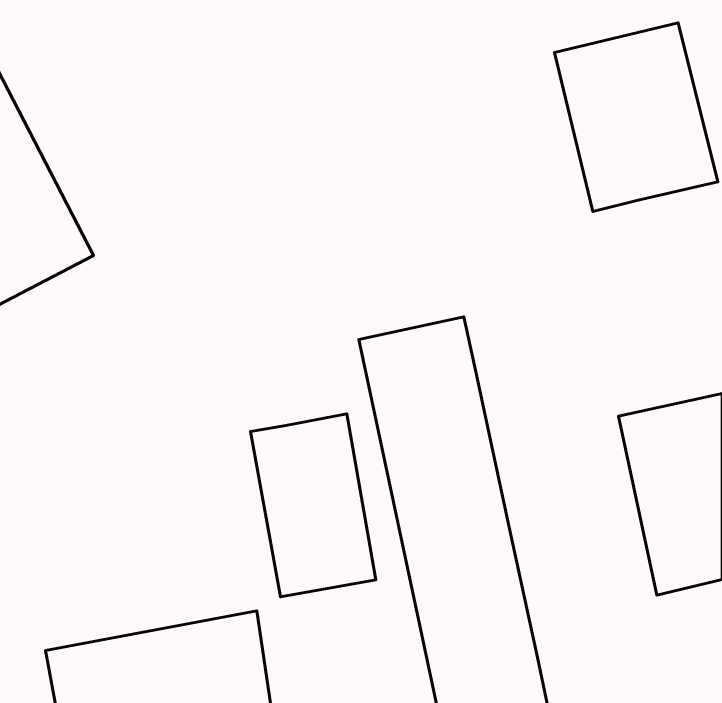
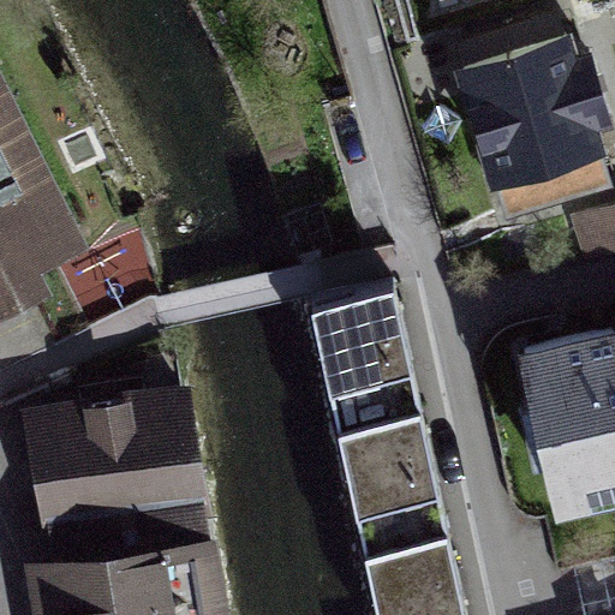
building: [251,414,376,597] -> none
building: none -> [29,390,210,543]

